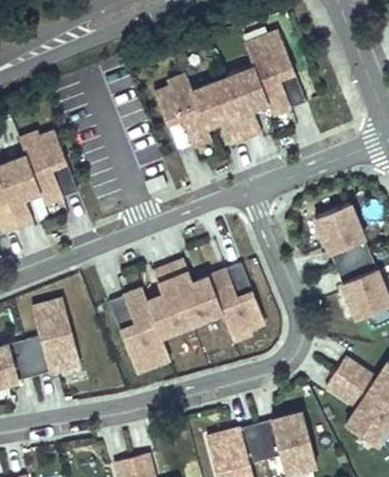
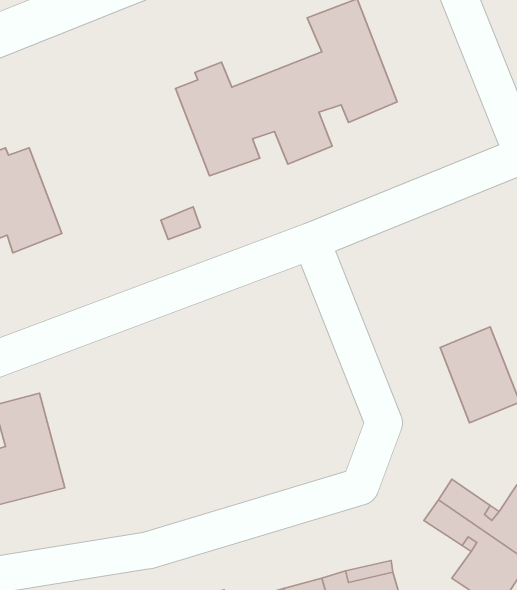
building: [314,203,369,268] -> none
building: [108,260,263,372] -> none

